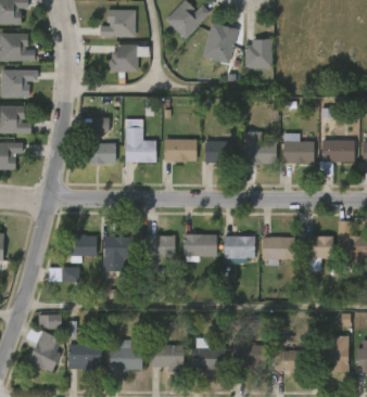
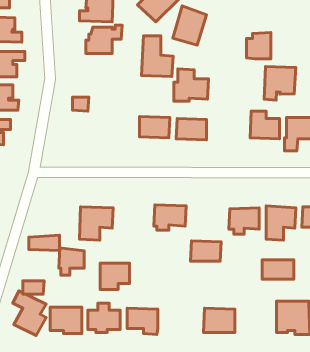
building: [243,38,269,66] -> [247,33,271,59]
building: none -> [264,67,296,100]
building: [124,119,157,163] -> [142,36,173,76]
building: [241,131,278,166] -> [174,69,208,101]
building: [90,143,117,165] -> none
building: [67,233,94,262] -> [59,248,84,275]
building: [141,235,173,264] -> [100,263,129,290]
building: [222,235,254,257] -> [191,241,221,261]
building: [192,340,226,372] -> none
building: [273,350,306,371] -> [262,260,294,279]

